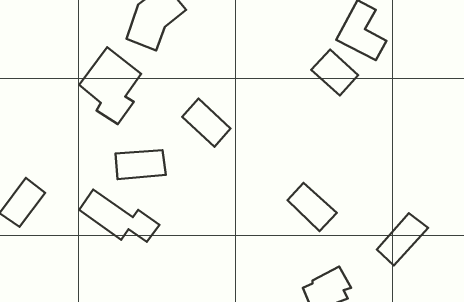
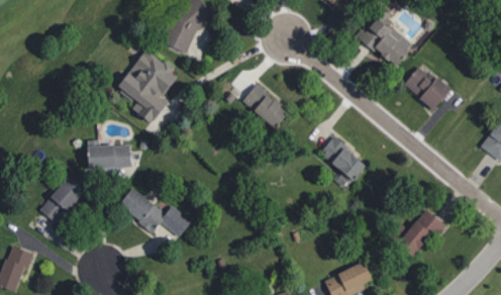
building: [311,50,358,96] -> [404,66,448,109]
building: [182,99,230,147] -> [242,84,288,129]
building: [115,150,166,179] -> [86,144,133,172]
building: [287,183,337,231] -> [320,137,367,183]

